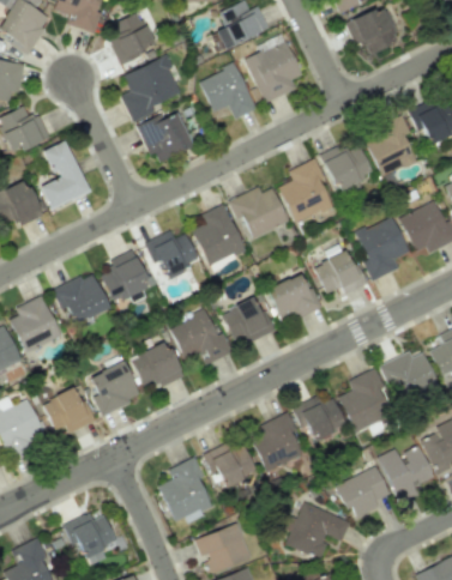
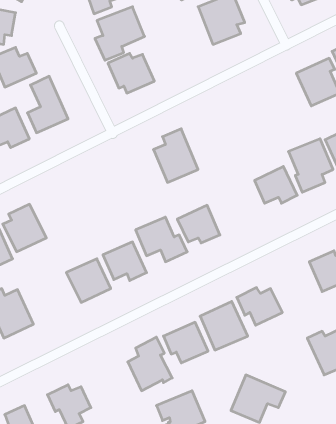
building: [199,62,257,119] -> none
building: [320,144,373,191] -> none
building: [279,158,335,223] -> none
building: [229,187,289,237] -> none
building: [146,230,199,278] -> none
building: [102,249,150,303] -> none
building: [54,271,109,324] -> none
building: [266,272,323,325] -> none
building: [339,369,394,431] -> none
building: [42,386,95,436] -> none
building: [336,465,390,518] -> none

